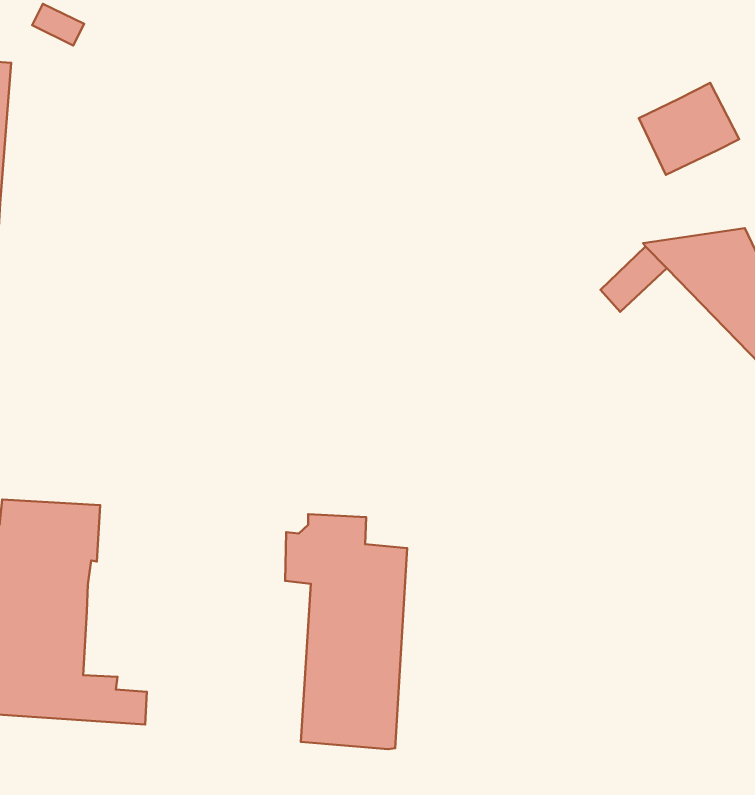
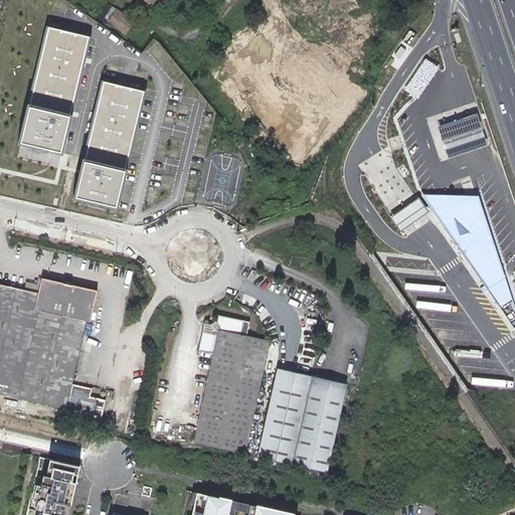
building: none -> [74,79,144,207]
building: none -> [256,369,347,472]

